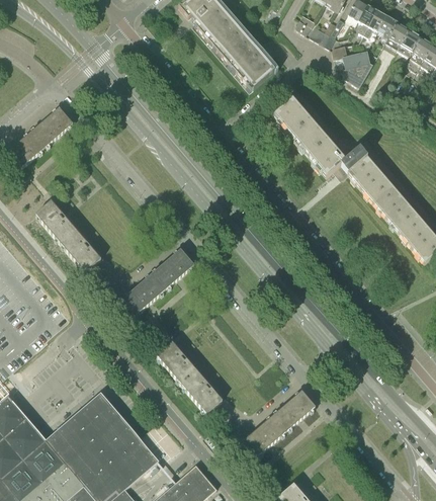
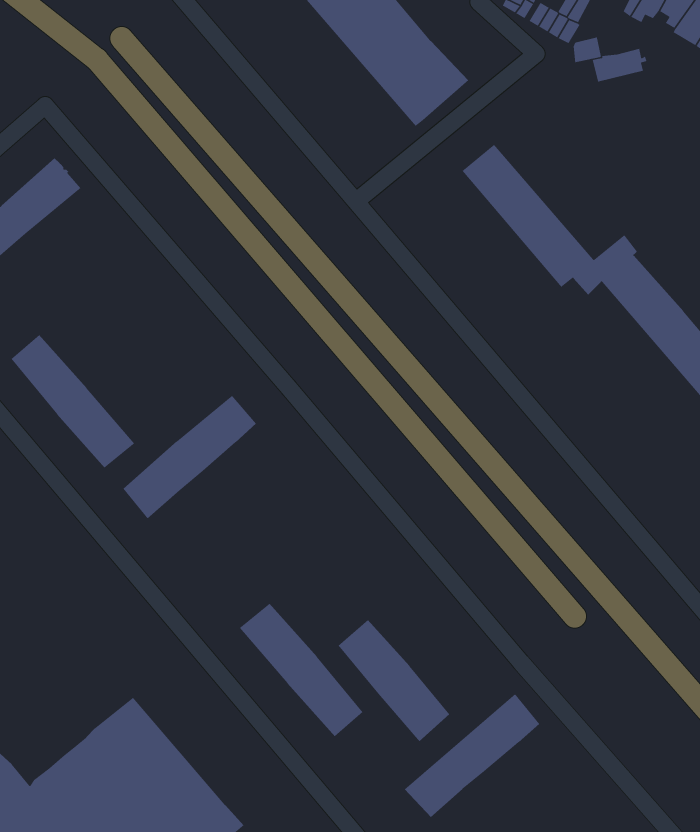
building: [343,62,372,87] -> none
building: [123,249,194,315] -> [123,395,257,520]
building: none -> [337,619,450,742]

